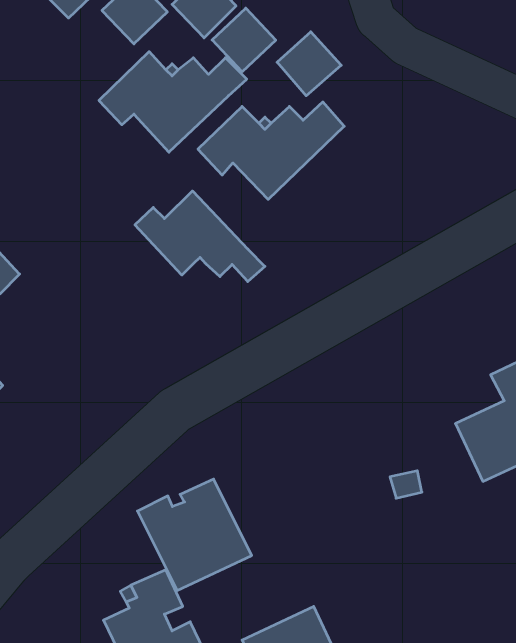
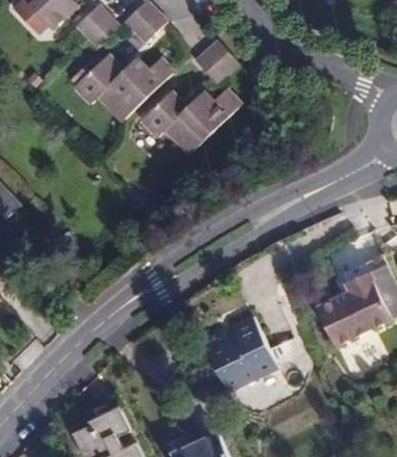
building: [212,8,276,72] -> none
building: [135,191,265,282] -> none
building: [137,479,252,590] -> [200,316,277,392]

